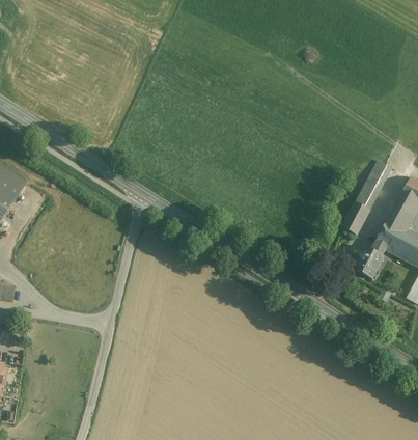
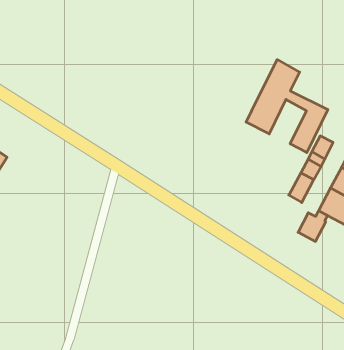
building: none -> [246,60,328,153]

